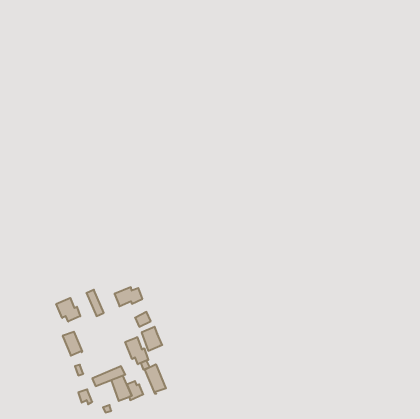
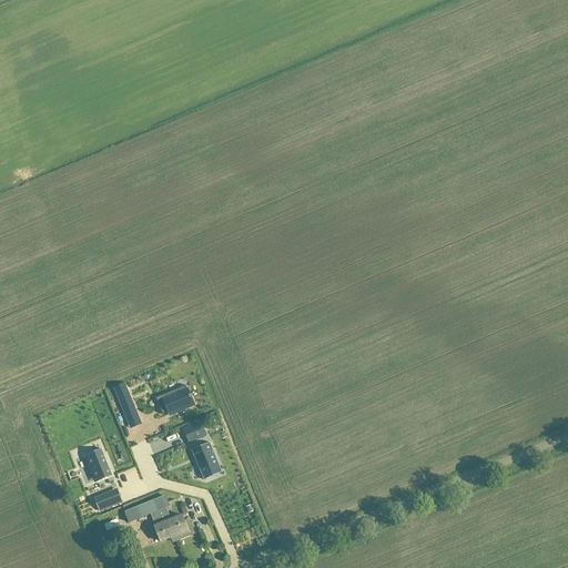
building: [56,298,80,322] -> none
building: [125,337,148,364] -> none
building: [145,364,166,394] -> none

